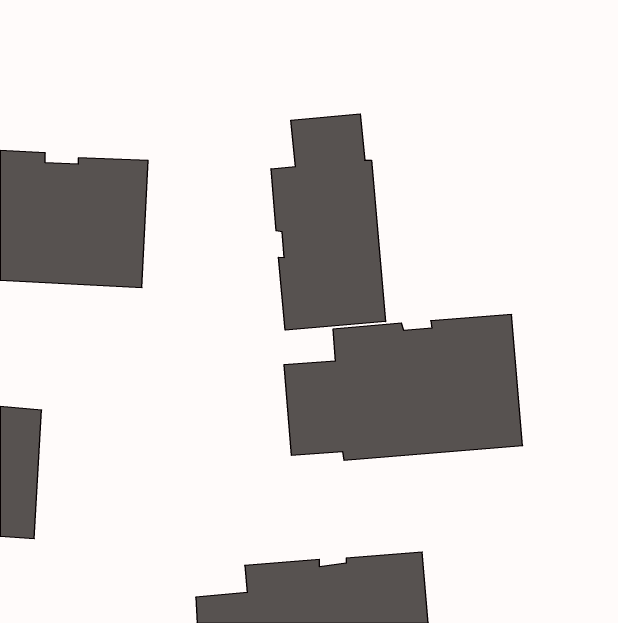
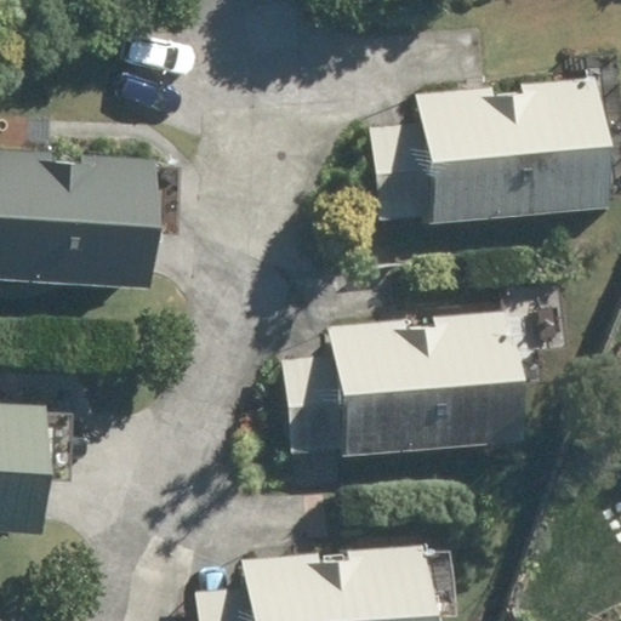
building: none -> [376,76,610,222]
building: [271,114,386,330] -> none

